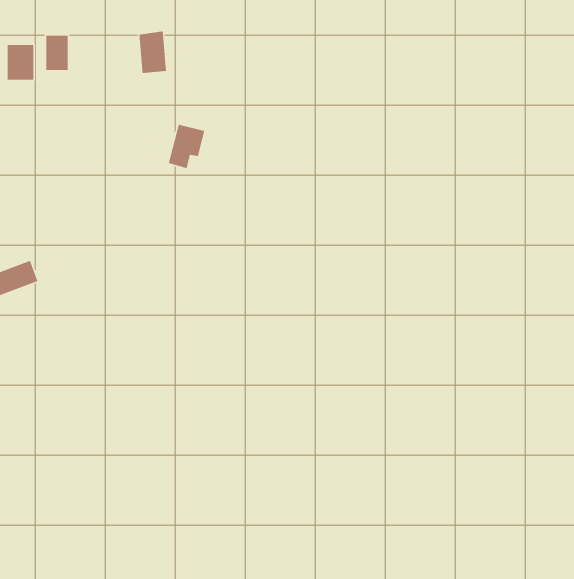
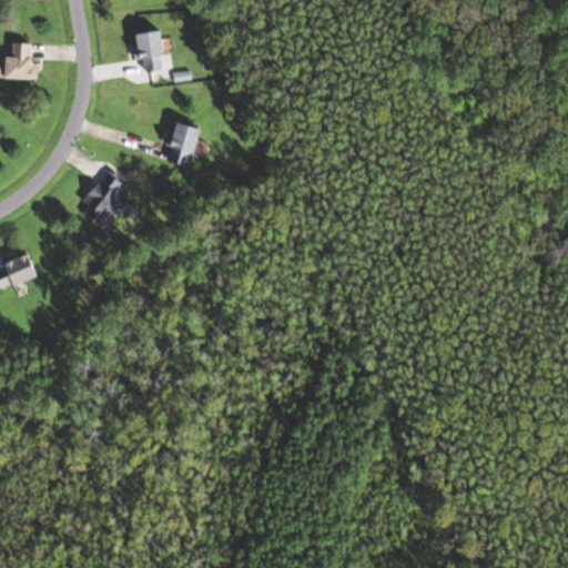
building: [45,35,69,71] -> none
building: none -> [77,171,125,230]

